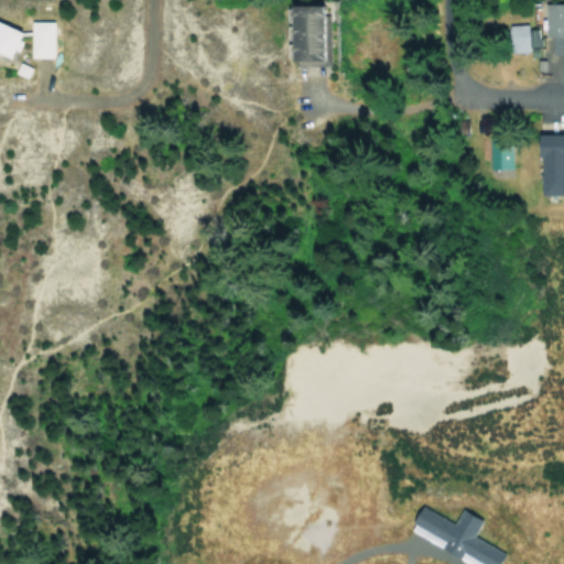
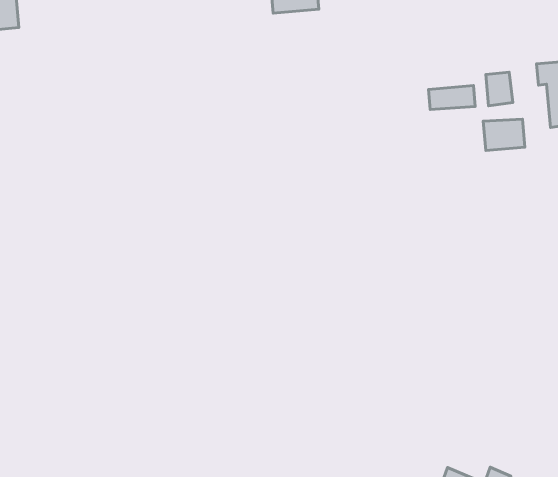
building: none -> [428,86,475,109]
building: none -> [483,119,525,151]

